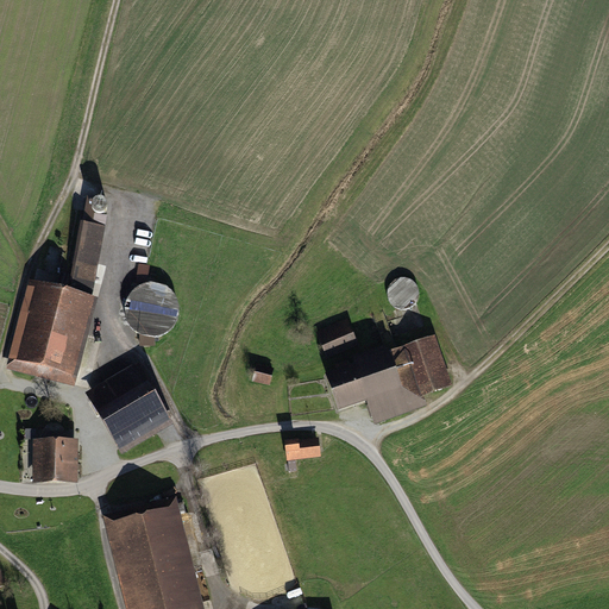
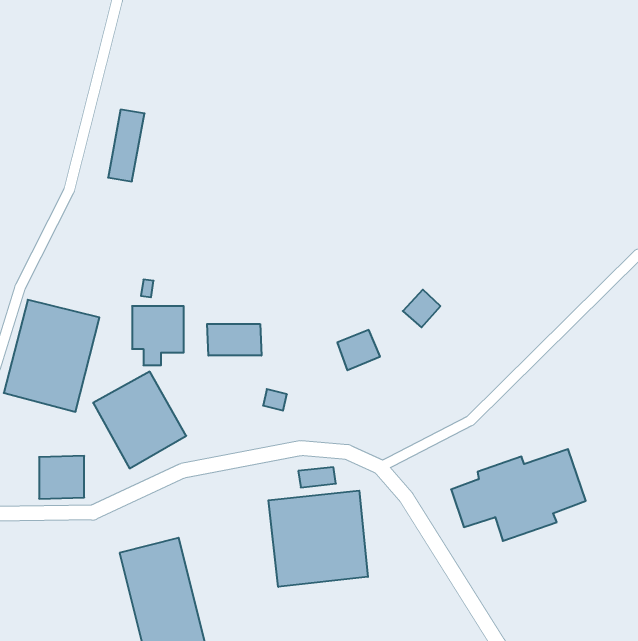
building: [67,227,101,295] -> [108,110,145,181]
building: none -> [207,324,261,356]
building: [333,329,460,416] -> [451,449,586,541]
building: none -> [268,491,368,587]

